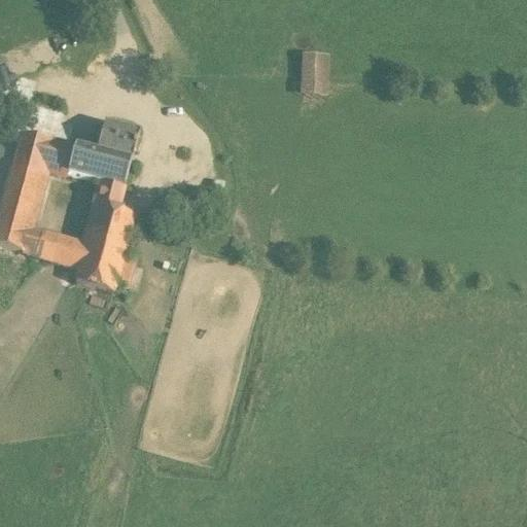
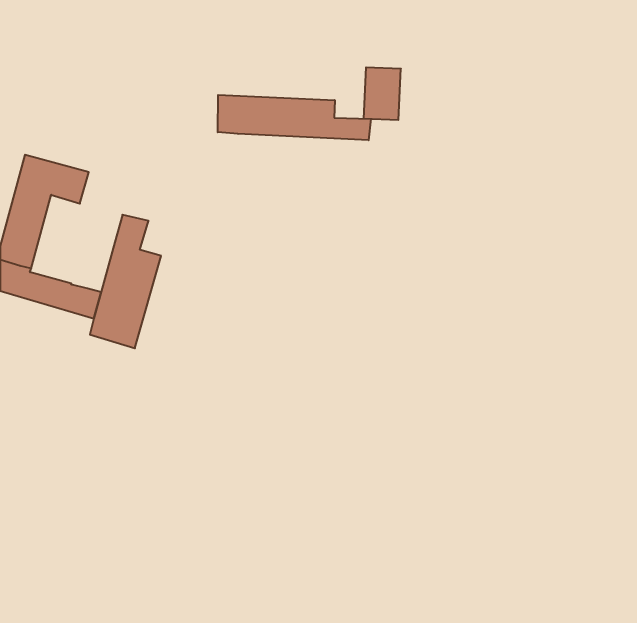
building: none -> [218,95,371,140]
building: [67,118,139,182] -> none

